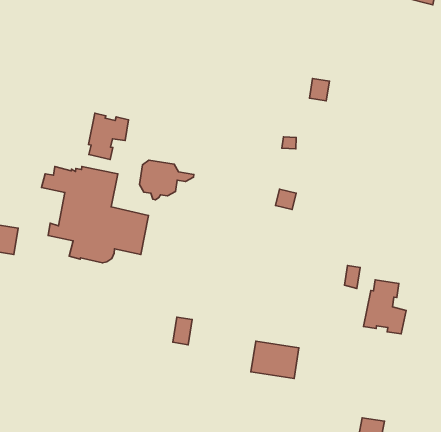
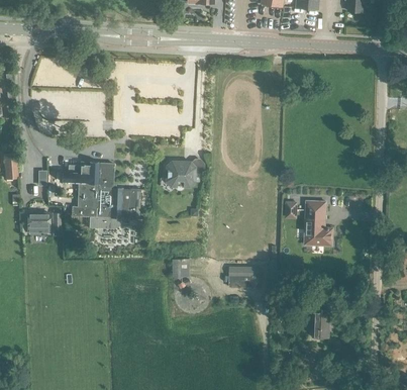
building: [89,113,129,159] -> none
building: [139,160,194,200] -> [167,163,204,190]

